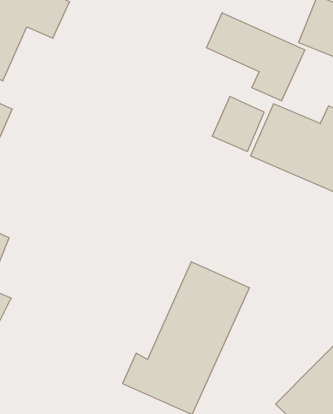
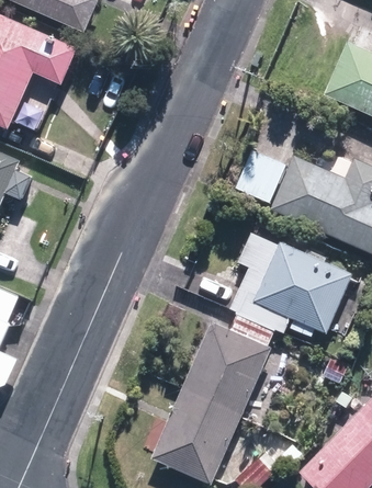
building: [207,13,305,101] -> none
building: none -> [255,243,351,331]

